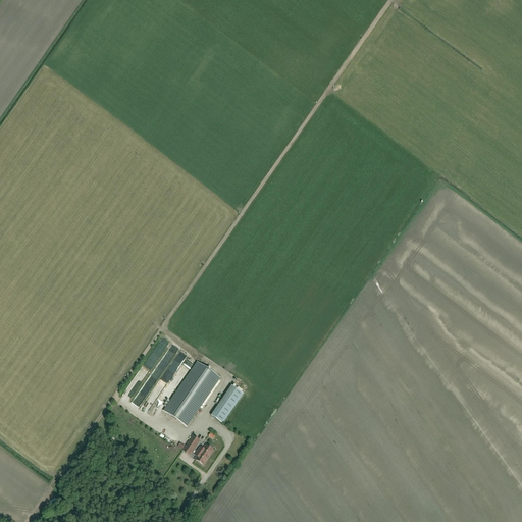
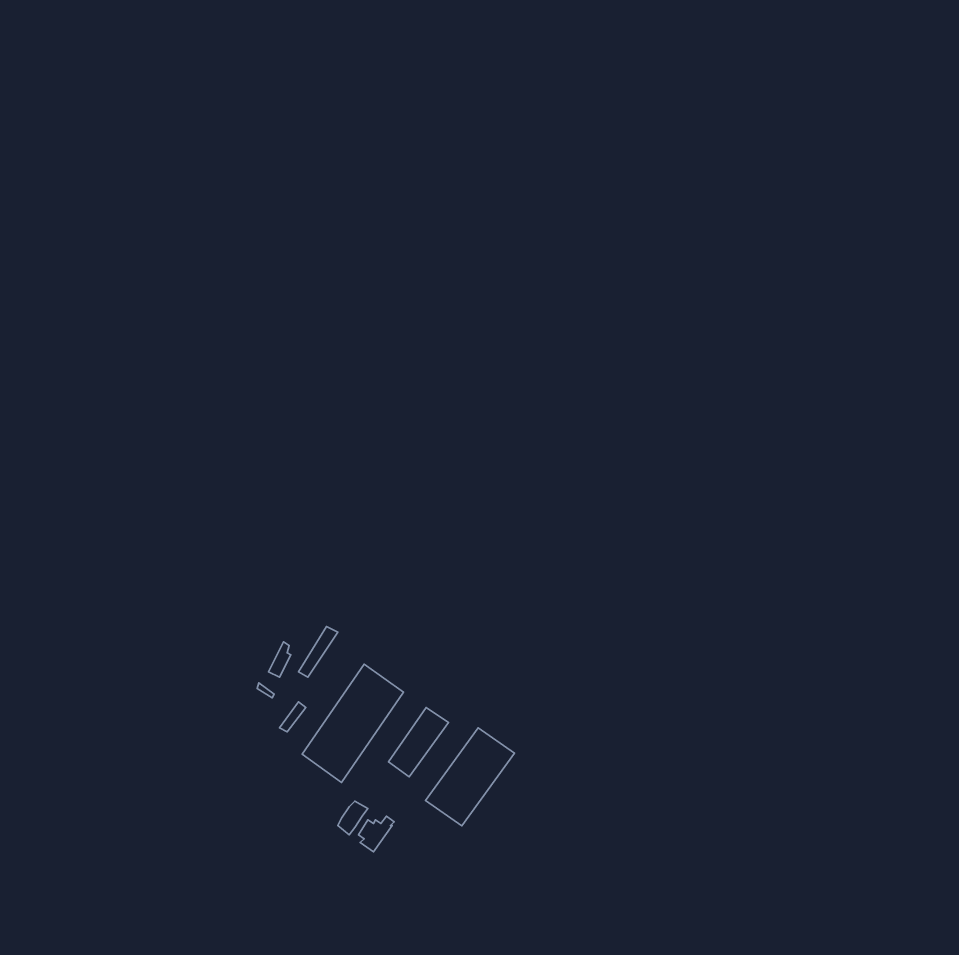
building: none -> [425,728,514,826]

